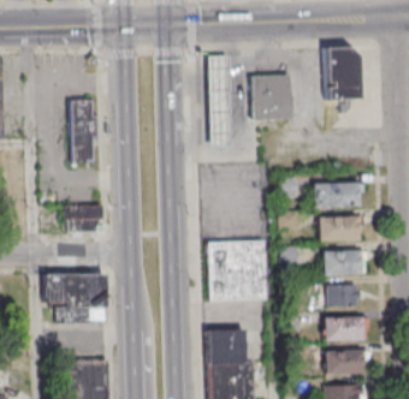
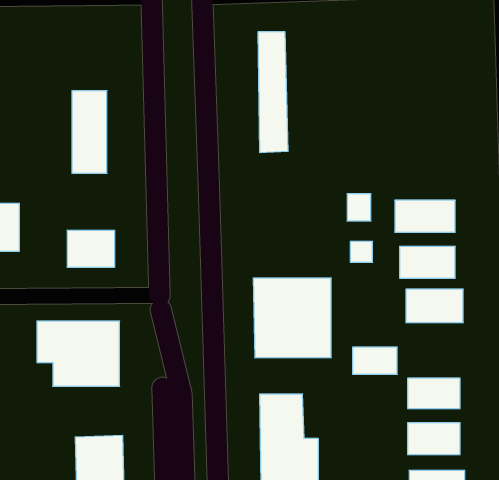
building: [326,48,357,99] -> none
building: [253,73,294,119] -> none
building: [325,284,358,304] -> [353,347,397,374]

